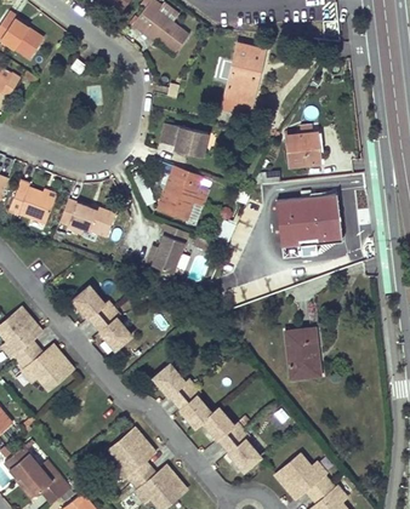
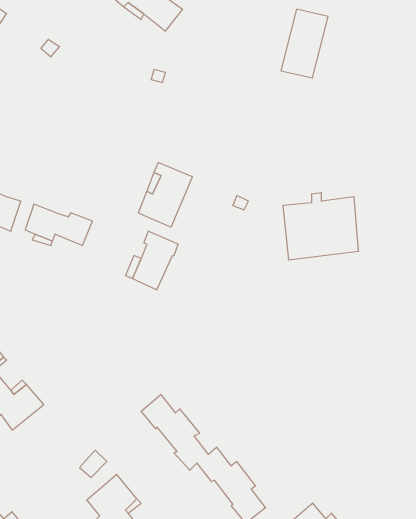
building: [223,44,263,102] -> [281,9,328,78]
building: [159,122,207,155] -> none
building: [285,132,315,165] -> none
building: [72,285,130,349] -> none
building: [284,327,319,378] -> none

